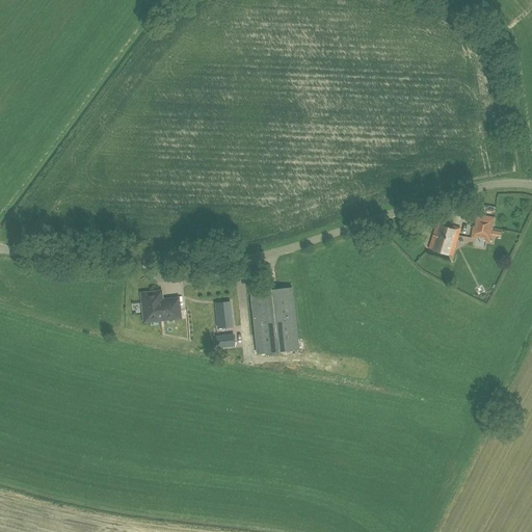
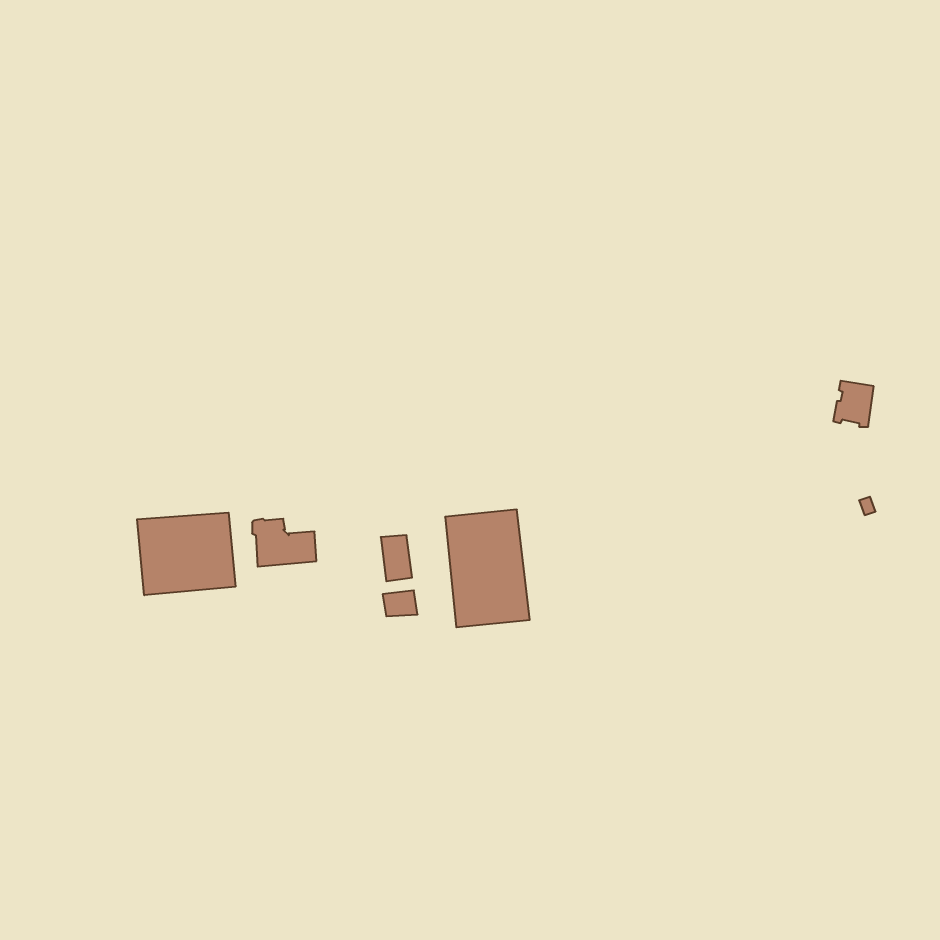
building: [428,221,460,256] -> none
building: none -> [137,513,235,595]

